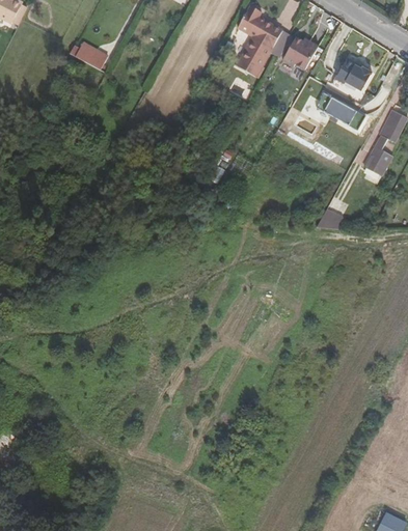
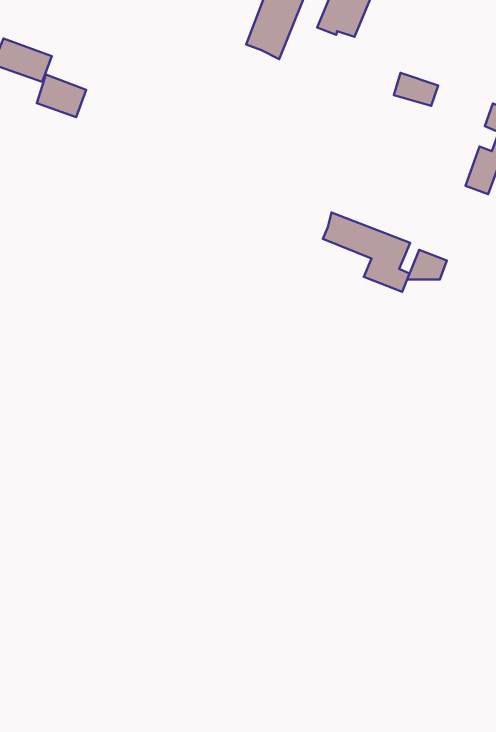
building: [337,57,373,89] -> none
building: none -> [37,75,86,117]
building: none -> [323,212,410,292]

